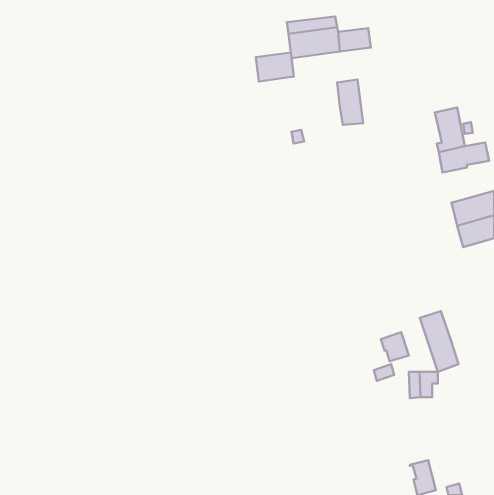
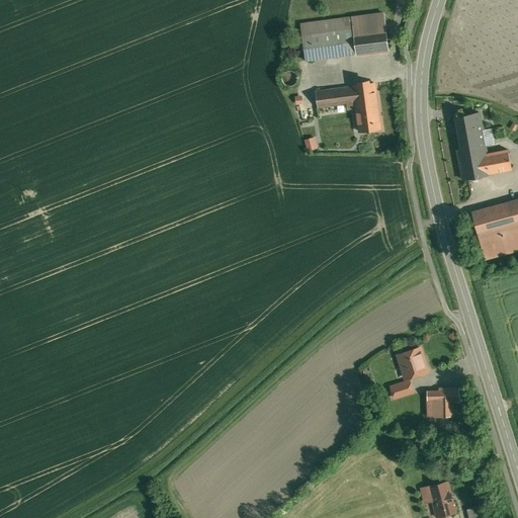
building: none -> [350,12,384,33]
building: [256,52,294,81] -> [316,86,355,116]
building: [420,311,458,372] -> none

